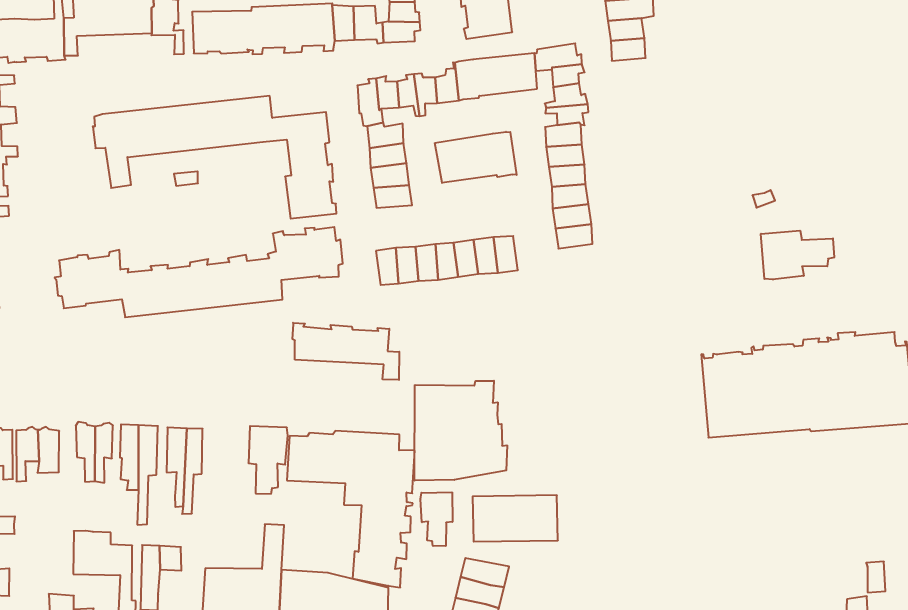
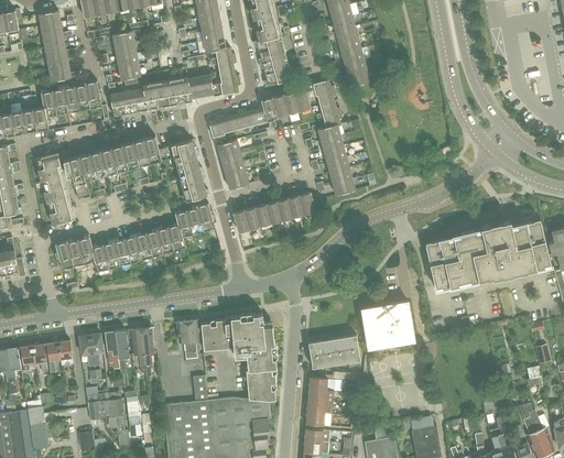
building: none -> [35,153,74,226]
building: [435,132,517,183] -> none
building: [761,231,834,280] -> none
building: [292,323,399,380] -> none
building: [415,381,507,481] -> none
building: none -> [360,302,413,349]
building: [421,492,452,546] -> none

